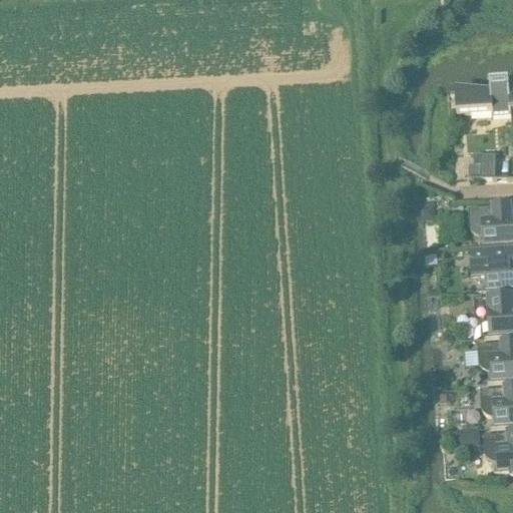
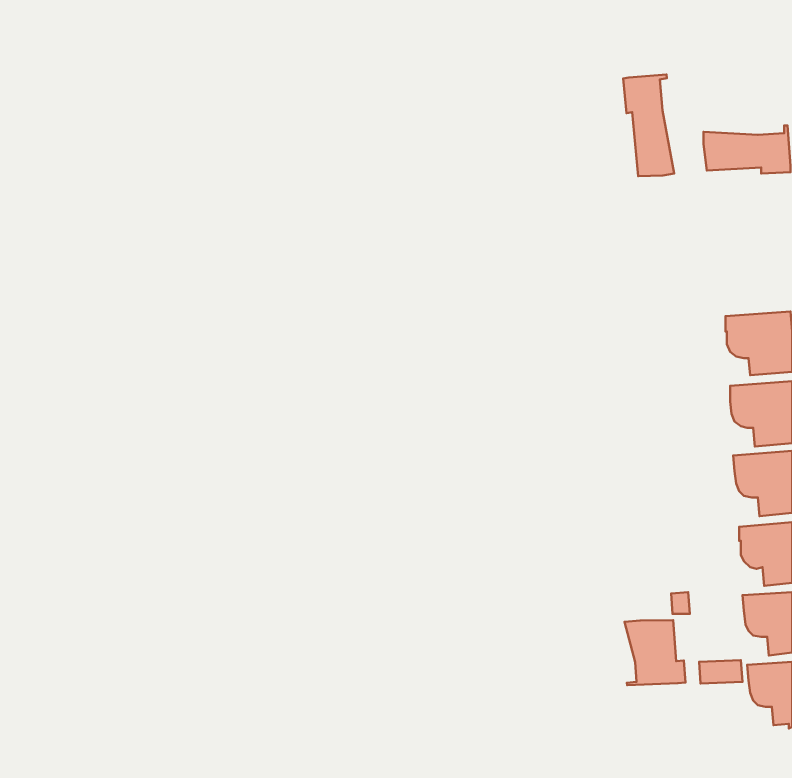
building: none -> [623,74,674,176]
building: [469,150,495,174] -> none
building: none -> [625,620,685,685]

